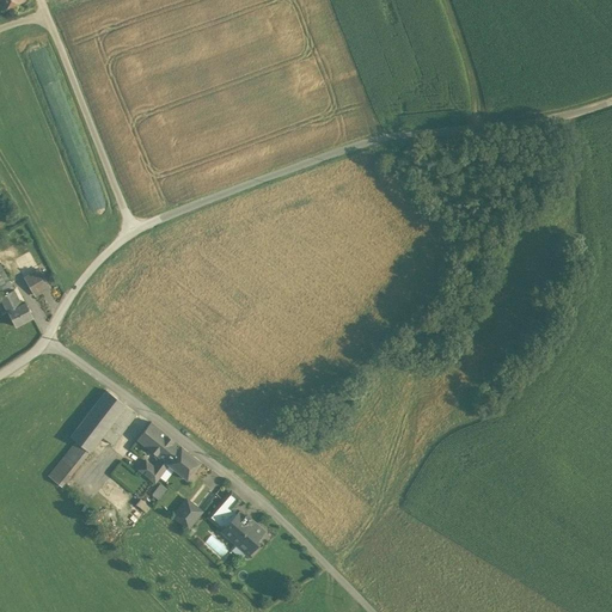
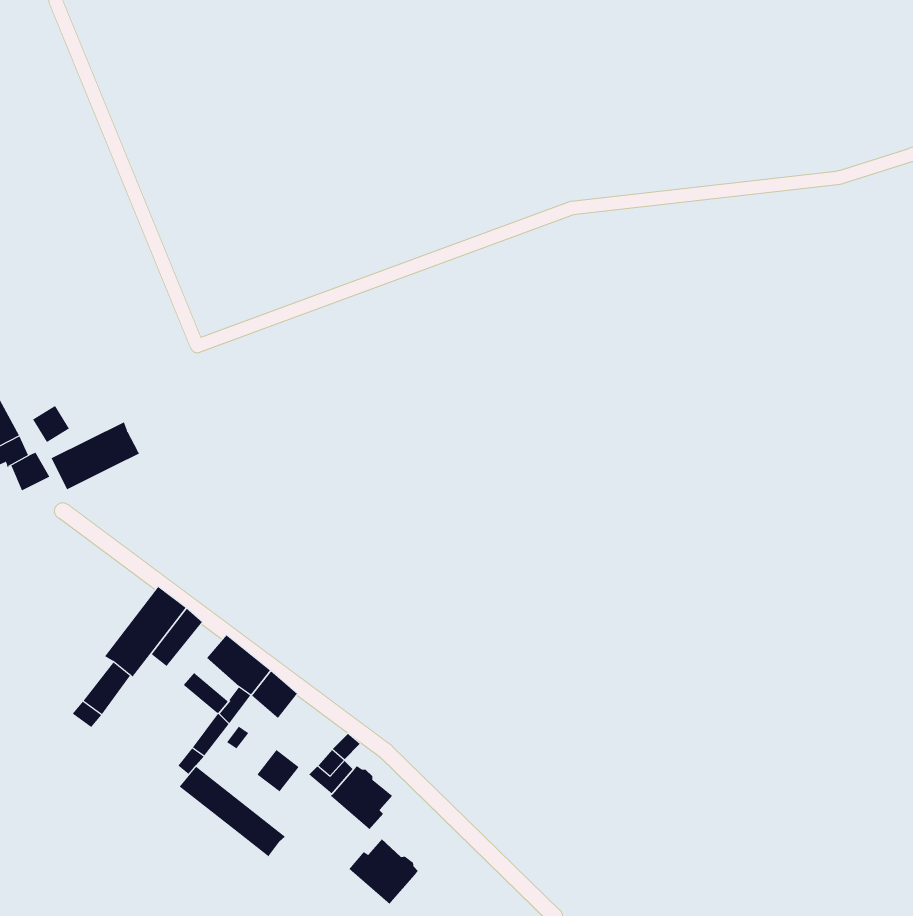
building: none -> [51,421,140,490]
building: none -> [179,766,286,857]
building: none -> [349,838,418,905]

